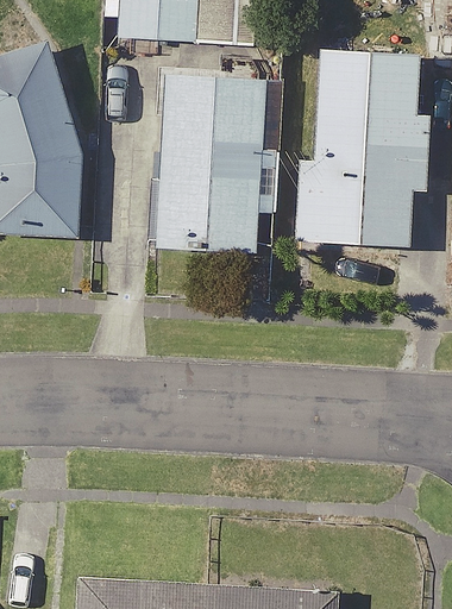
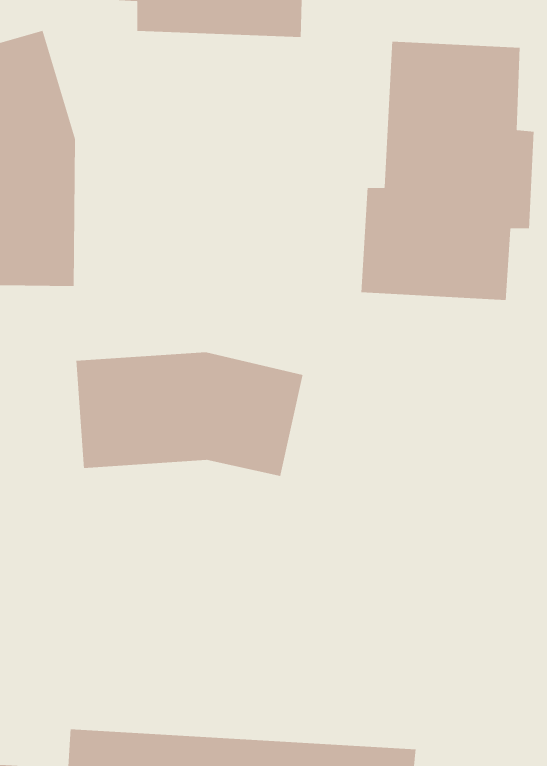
building: [158,70,278,252] -> none
building: none -> [75,351,304,477]

